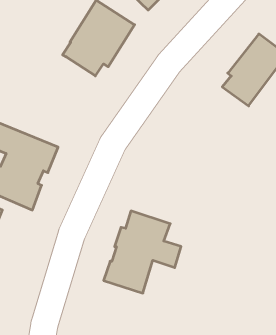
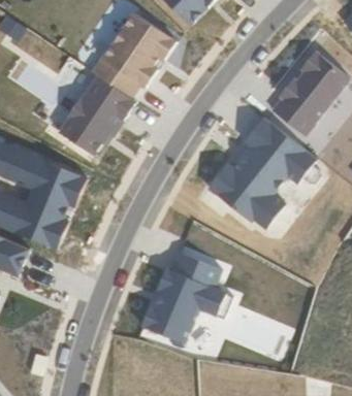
building: none -> [59,75,135,156]
building: none -> [206,116,319,225]

